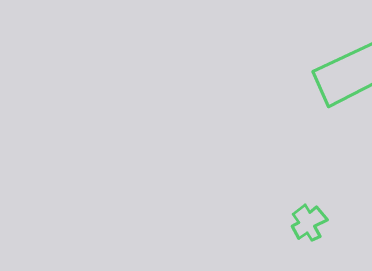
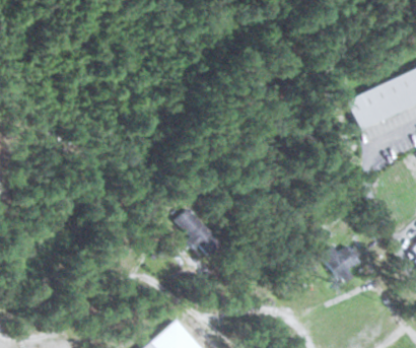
building: none -> [178,212,226,260]

